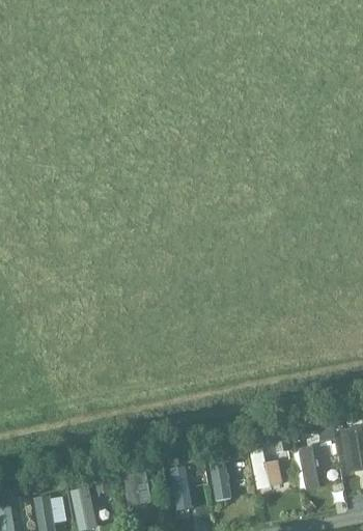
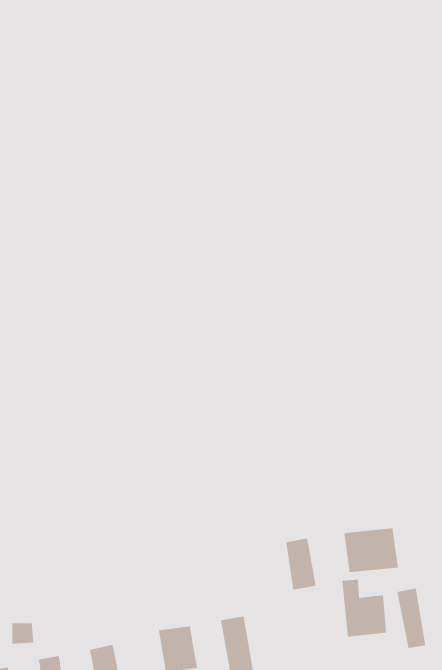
building: none -> [344,527,398,573]
building: [210,464,232,502] -> [285,538,316,590]

